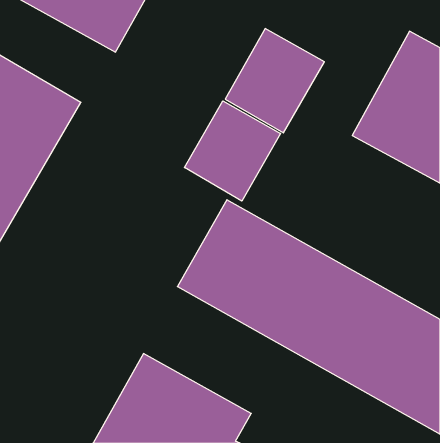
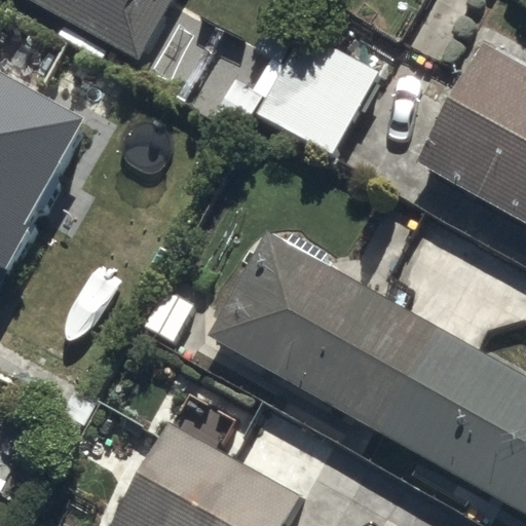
building: [184,101,281,201] -> none

